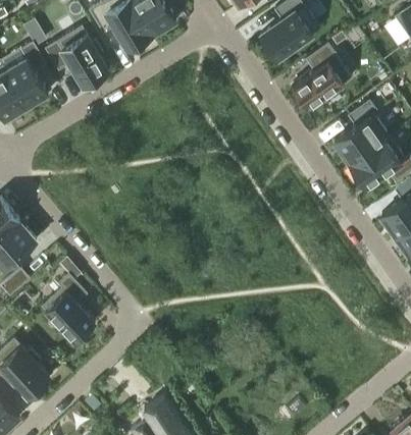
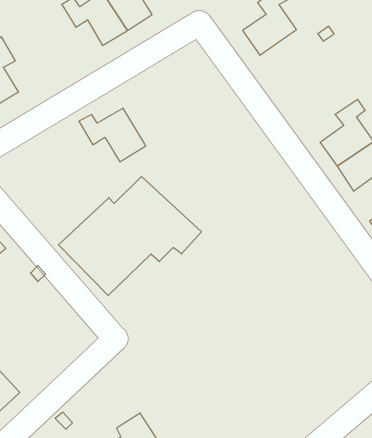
building: [45,35,108,86] -> [79,108,146,162]
building: [293,44,344,108] -> none
building: none -> [58,177,201,296]
building: [46,274,96,340] -> none

